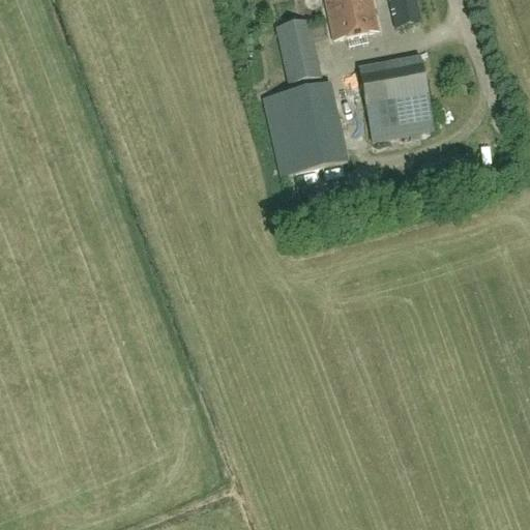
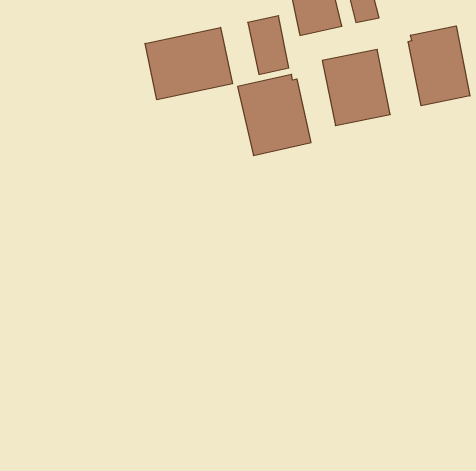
building: none -> [408,26,470,106]
building: none -> [145,27,232,100]

